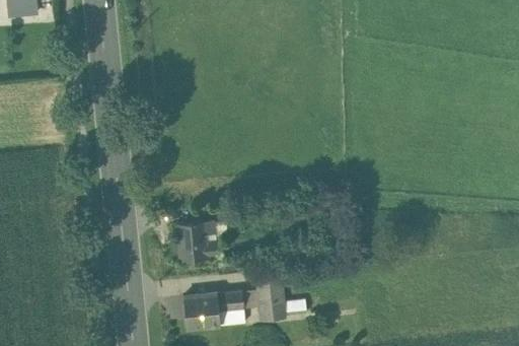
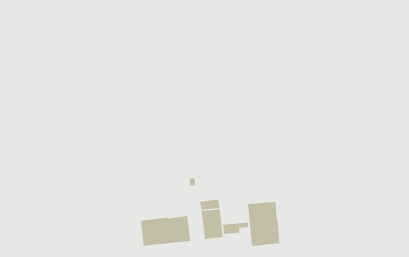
building: [173,221,220,261] -> none
building: none -> [247,201,280,247]

